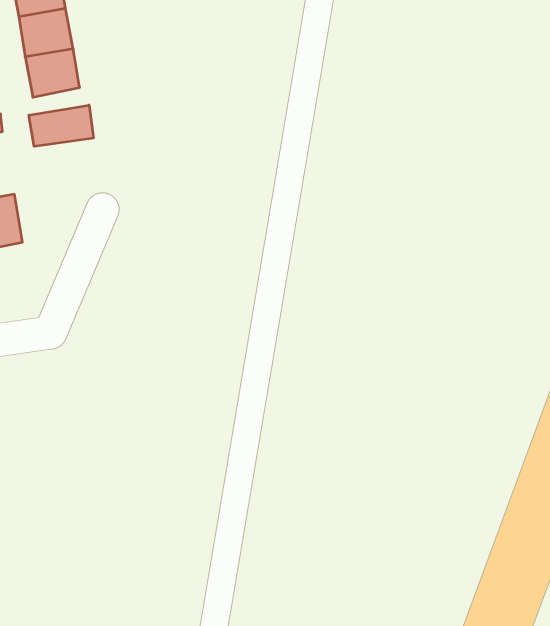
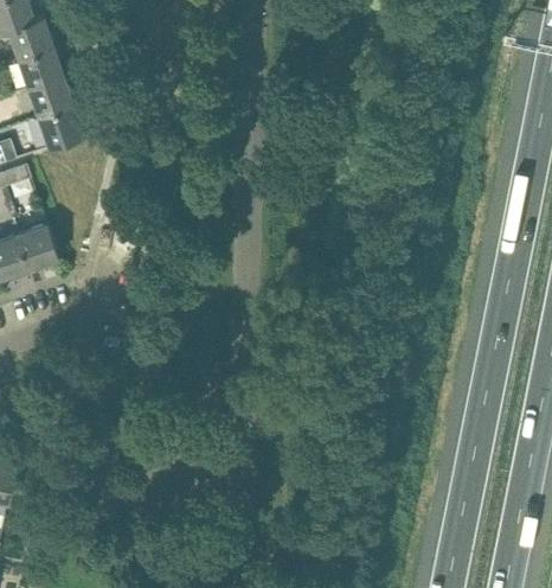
building: [29,105,93,146] -> none

